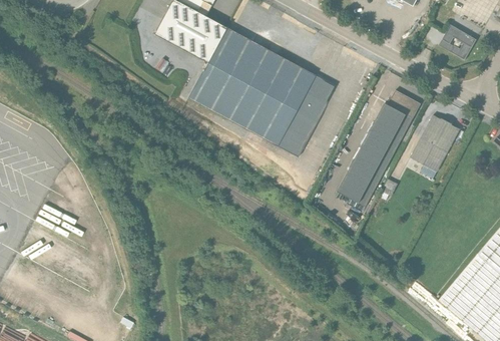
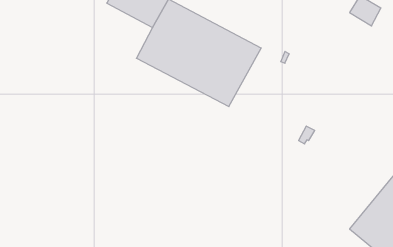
building: [338,88,422,205] -> none
building: [411,113,461,178] -> none

